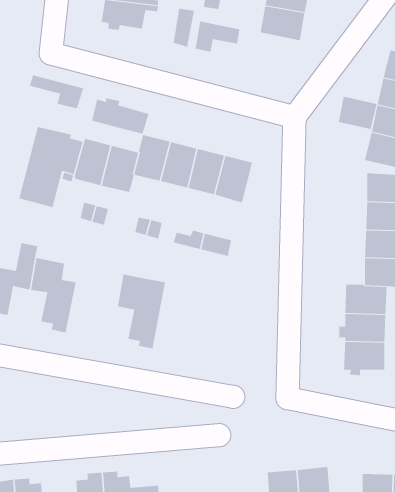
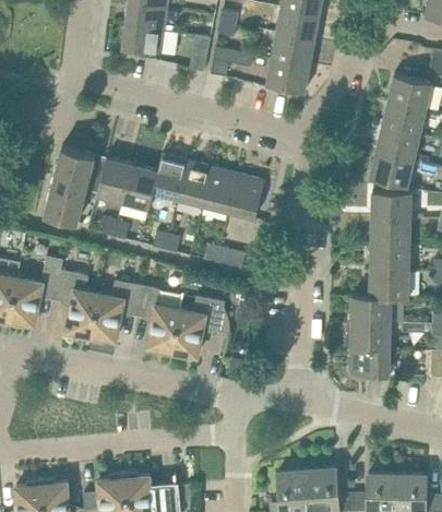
building: none -> [266,58,310,96]
building: [29,75,84,109] -> none
building: [338,96,377,130] -> none
building: [92,97,149,135] -> none
building: none -> [89,279,143,343]
building: none -> [171,296,229,360]

